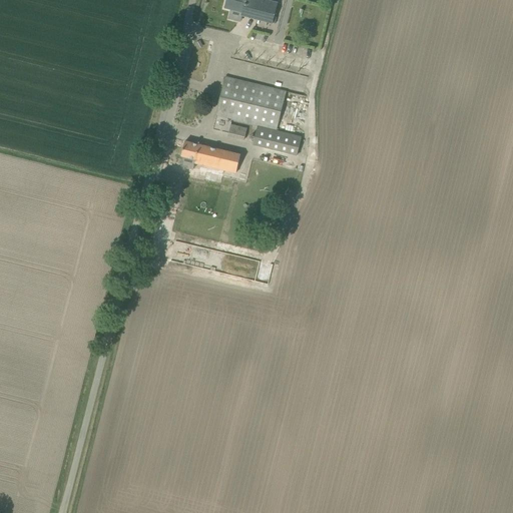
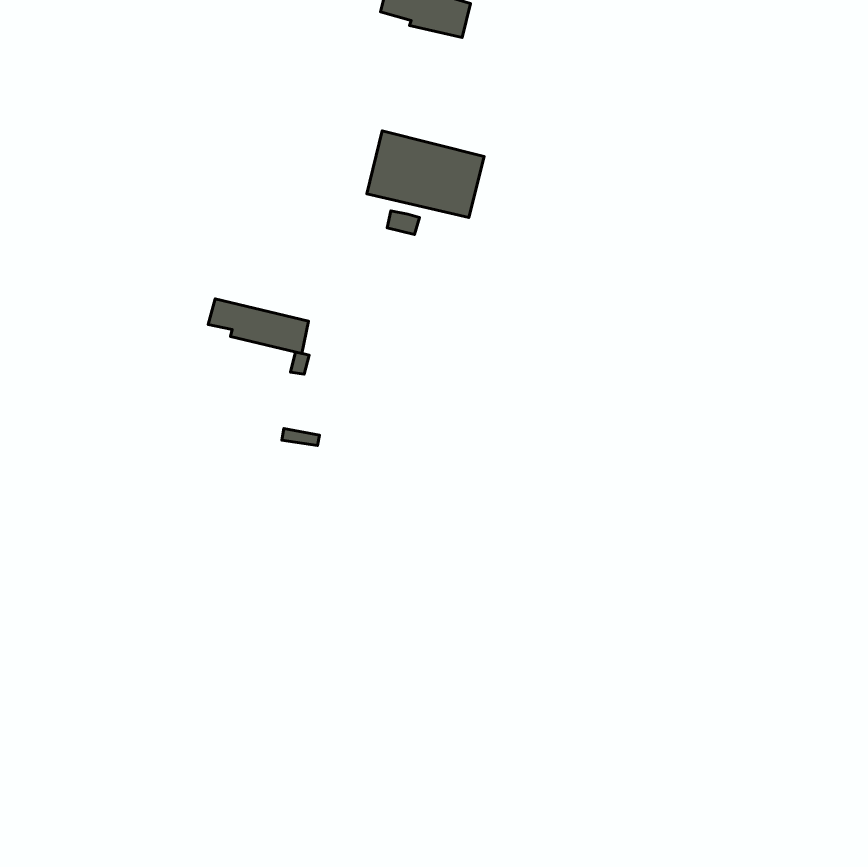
building: [252,125,302,154] -> none
building: [181,140,240,172] -> [208,299,309,353]

